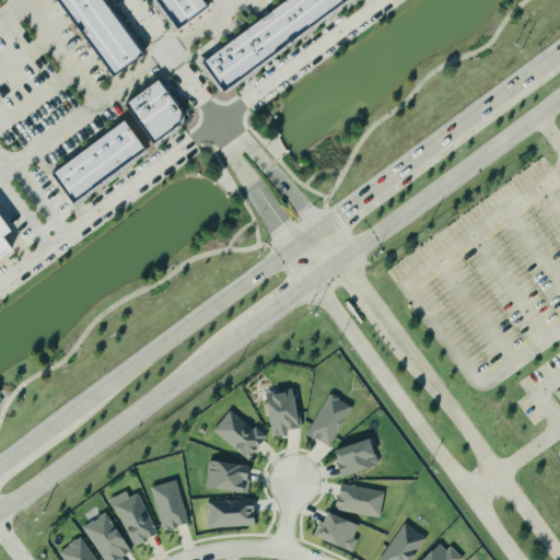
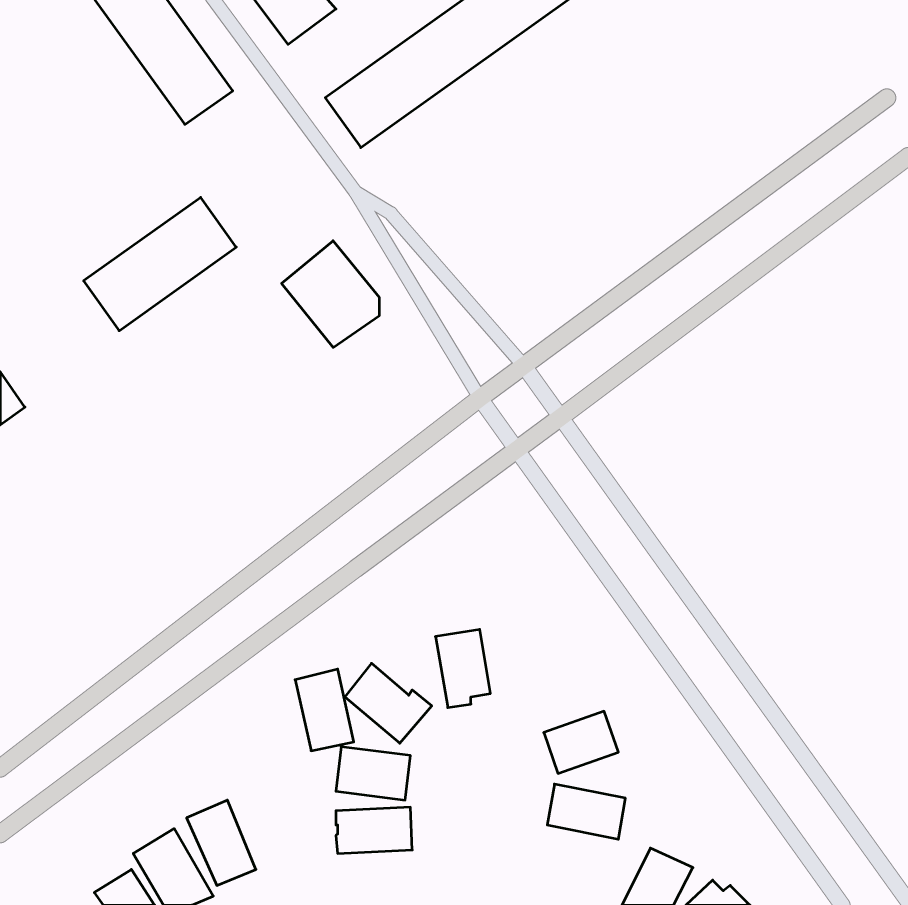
building: [124,78,184,143] -> [282,241,379,347]
building: [304,392,351,444] -> none
building: [152,479,188,529] -> [295,669,354,751]
building: [322,512,360,550] -> none

